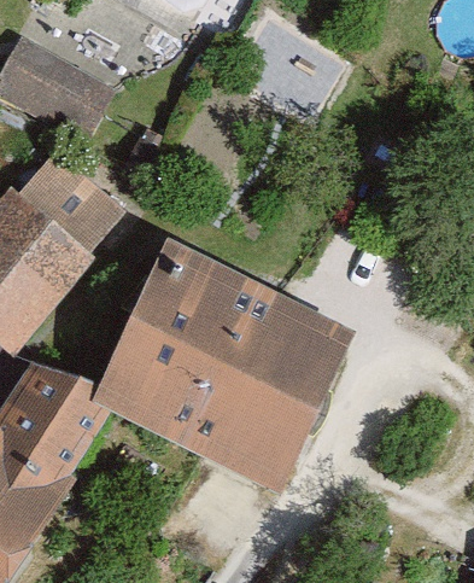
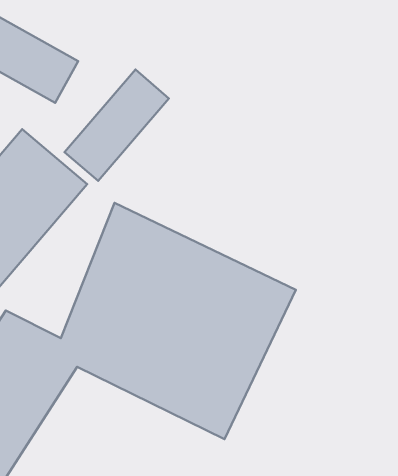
building: none -> [65,69,169,181]

